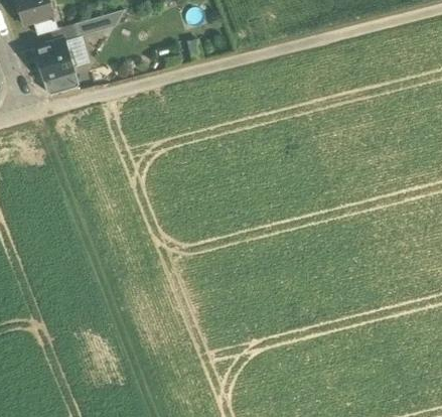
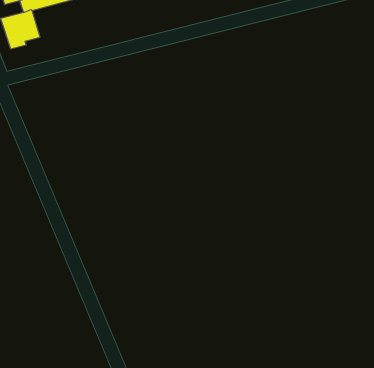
building: [43,66,79,94] -> none

